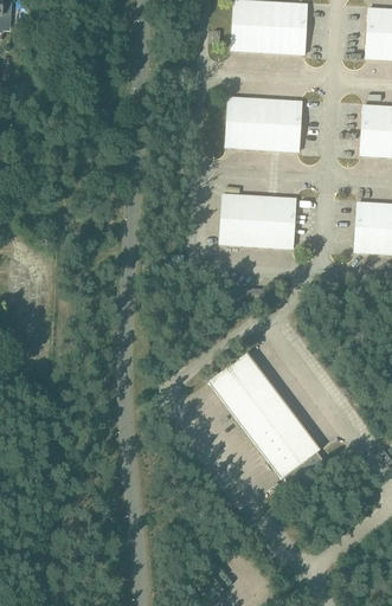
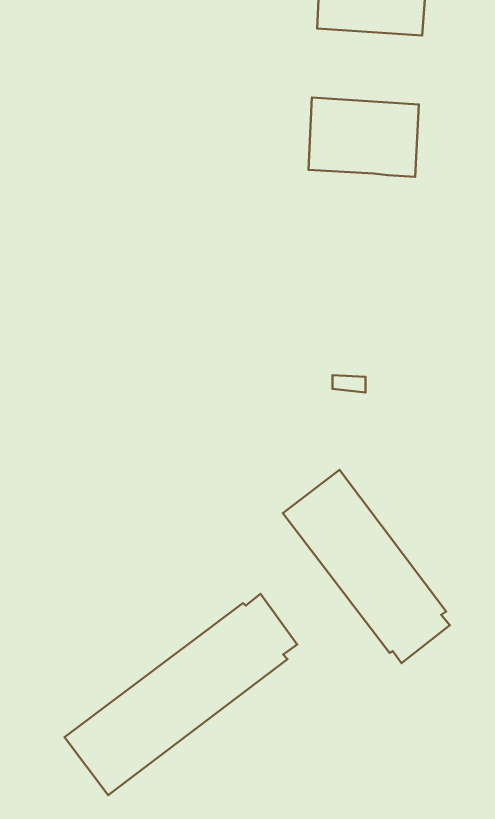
building: [220,194,296,249] -> none
building: none -> [64,594,297,795]

